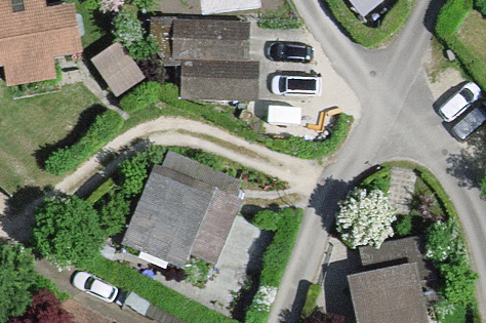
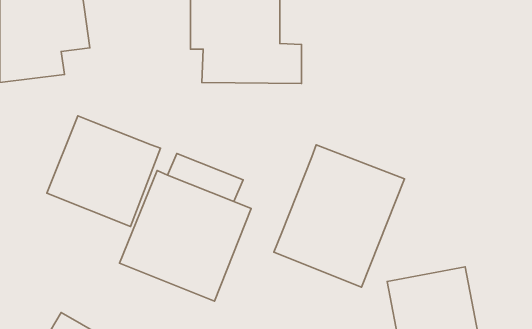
building: none -> [47,116,161,226]
building: none -> [274,145,404,287]

